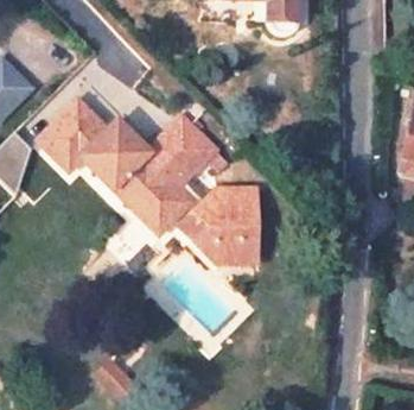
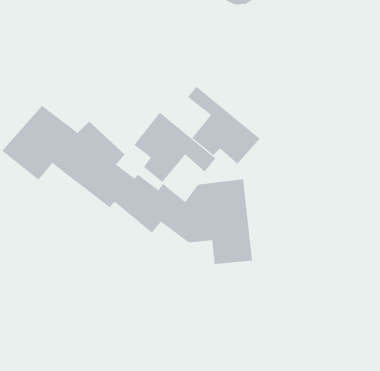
building: none -> [187,86,260,165]

